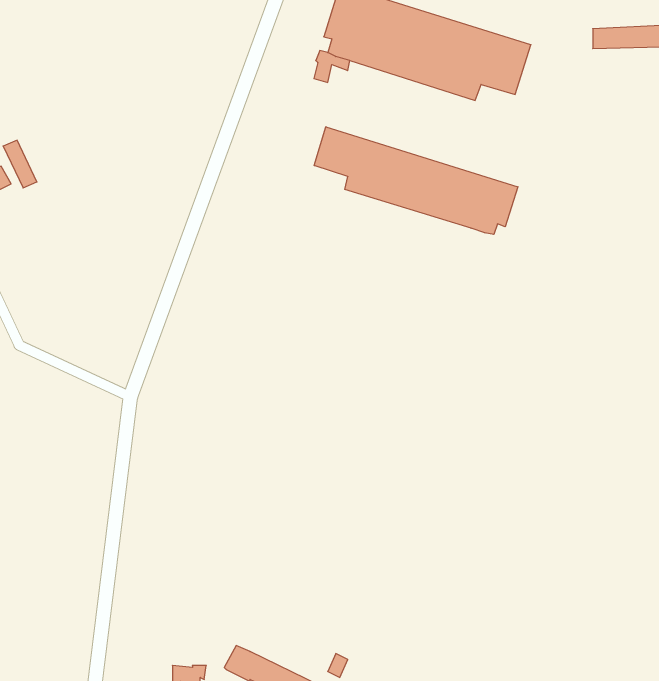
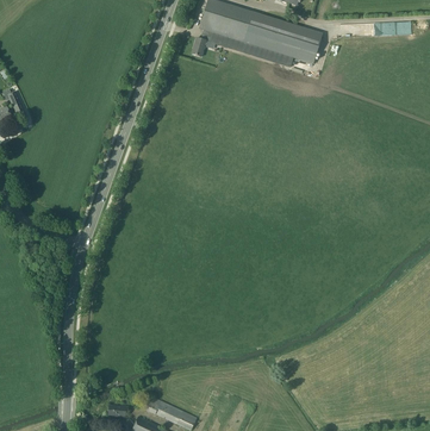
building: [314,127,518,234] -> none

